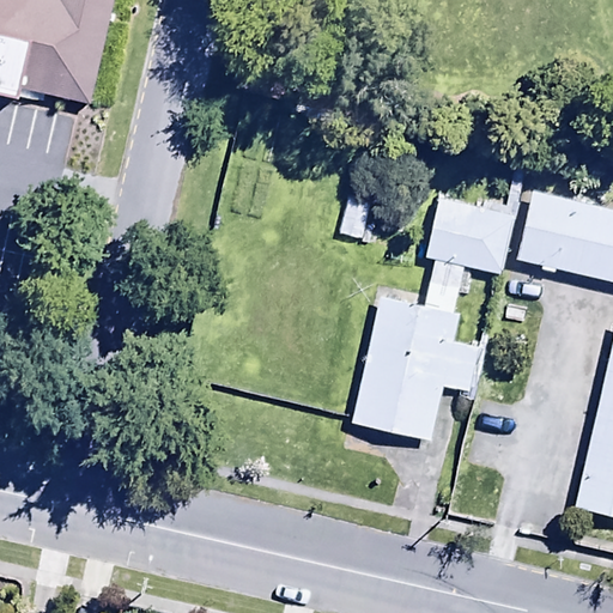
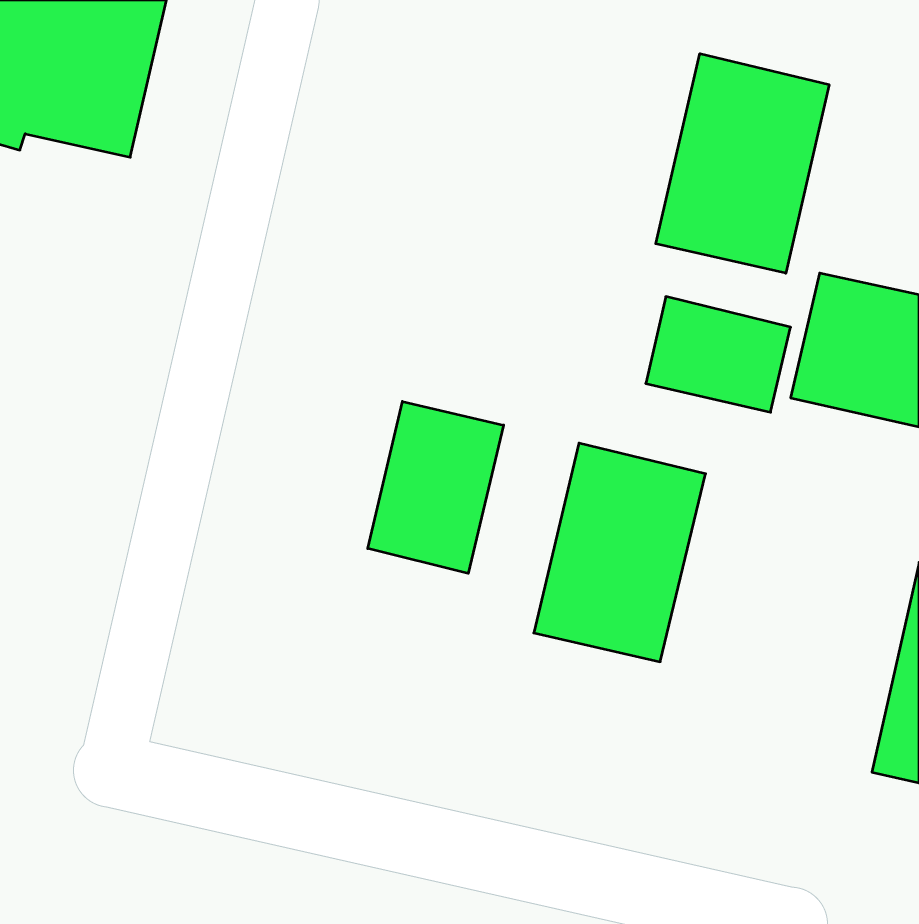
building: none -> [656,54,829,273]
building: none -> [368,401,504,573]

